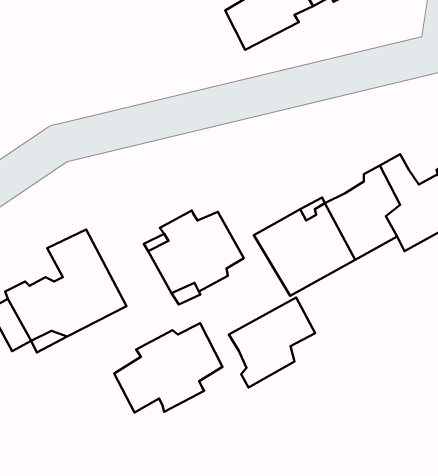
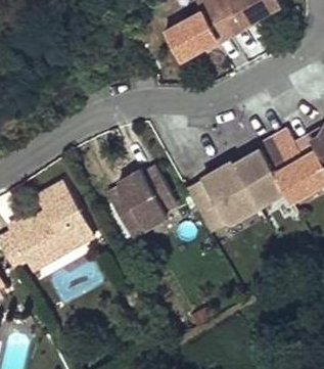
building: [229,297,315,387] -> none
building: [114,323,222,412] -> none

